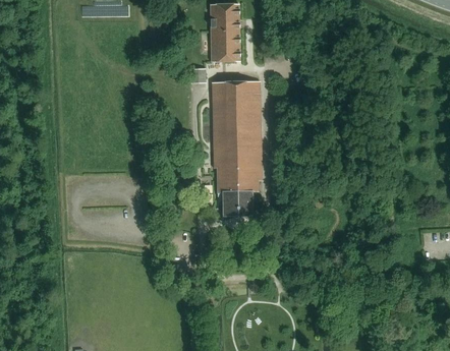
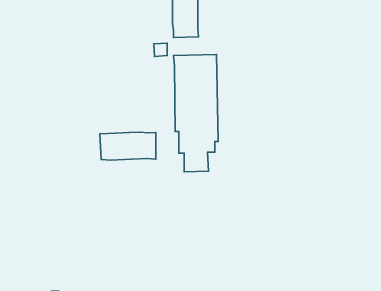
building: none -> [100,132,156,160]

